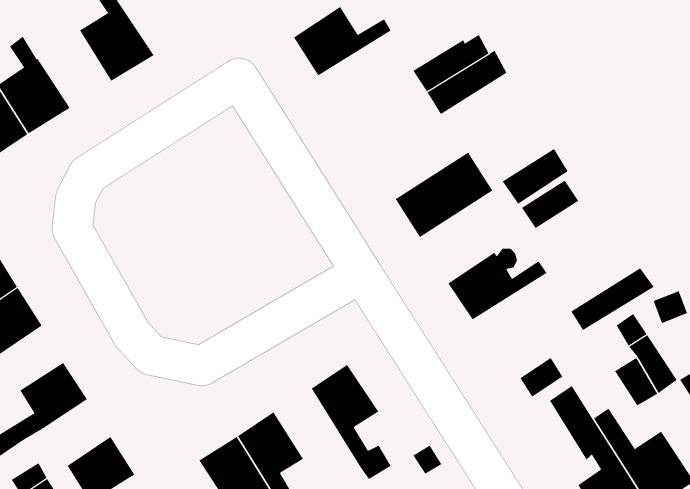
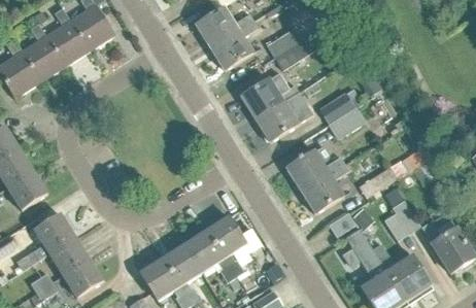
building: none -> [45,7,89,65]
building: none -> [210,20,258,68]
building: none -> [241,77,299,118]
building: none -> [301,162,349,212]
building: none -> [184,230,235,281]
building: none -> [48,236,89,275]

